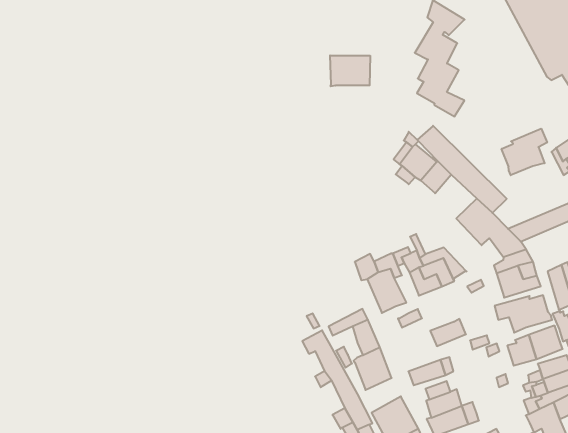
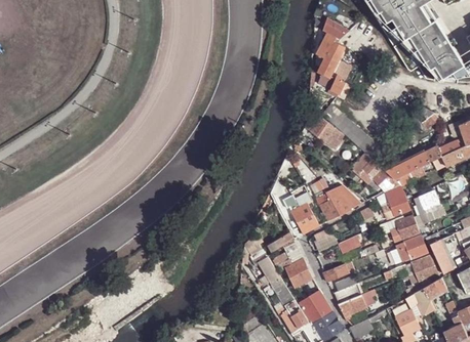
building: [330,55,370,86] -> none
building: [502,129,547,175] -> none

